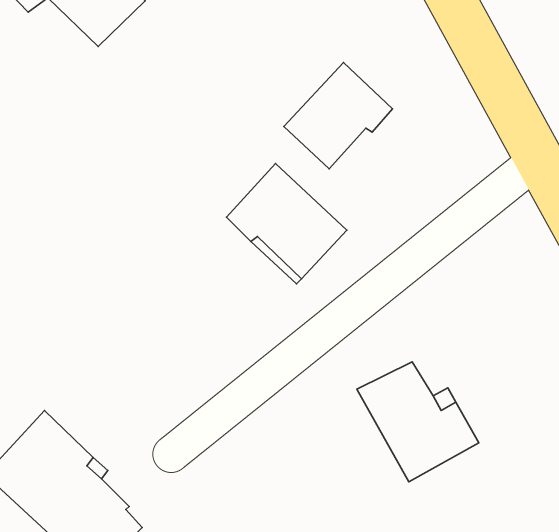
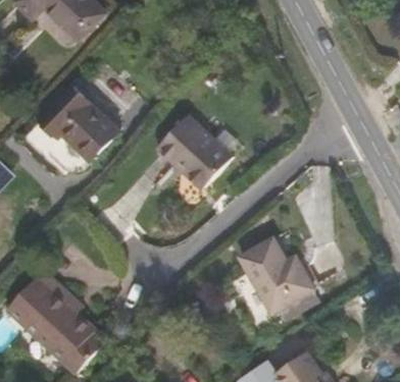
building: [284,62,392,169] -> none
building: none -> [39,85,117,161]

